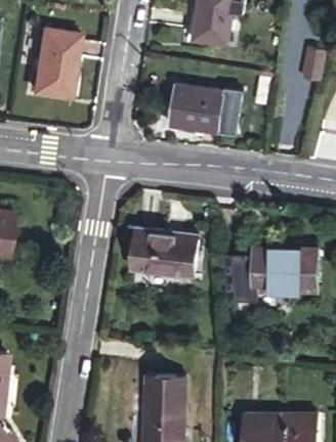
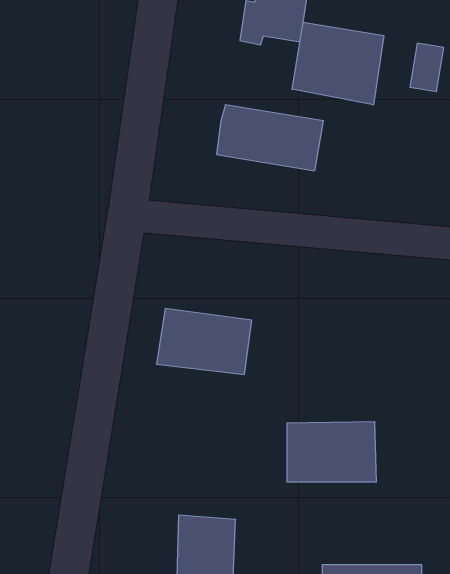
building: none -> [292,22,384,105]
building: [36,32,82,97] -> none
building: [250,249,312,291] -> [287,422,376,482]

